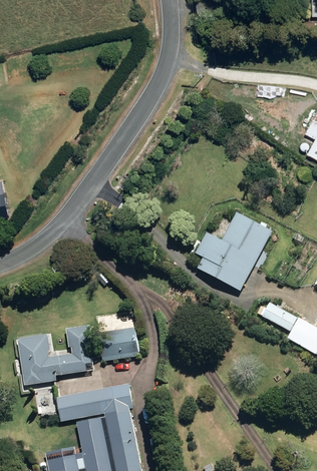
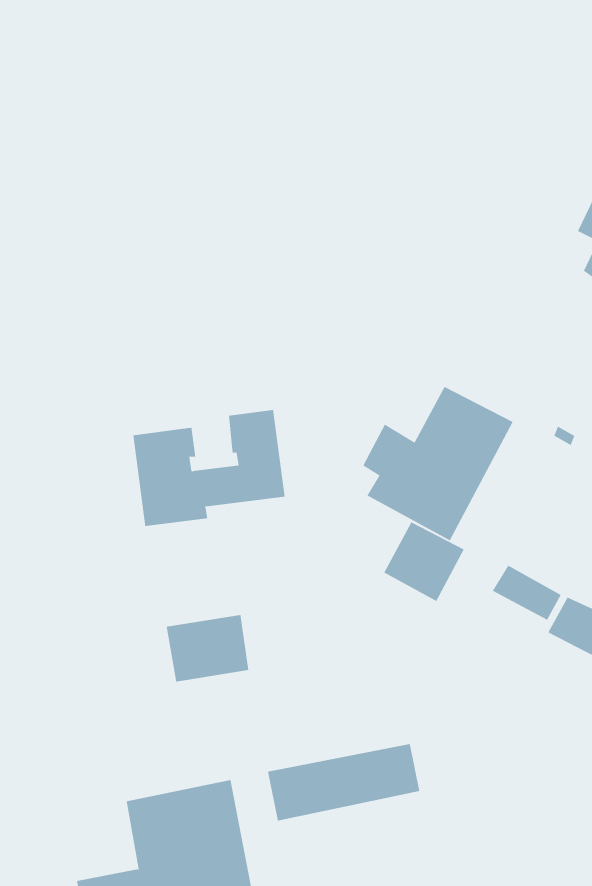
building: none -> [383,522,465,602]
building: [18,326,95,385] -> [133,409,286,527]
building: [56,383,133,422] -> [267,744,420,821]

